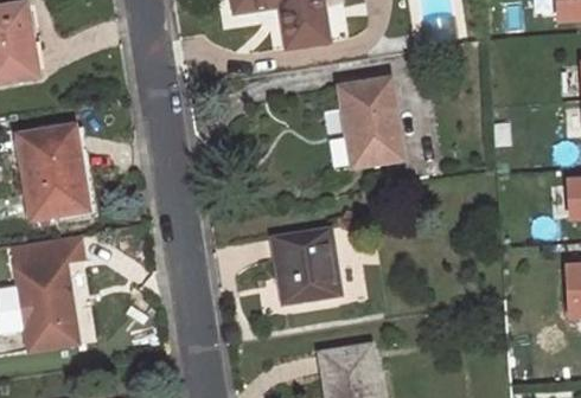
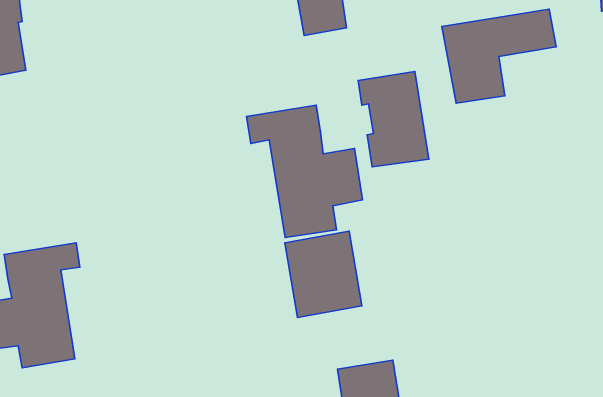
building: none -> [442,9,556,103]
building: none -> [246,105,362,238]
building: [20,127,87,219] -> none

